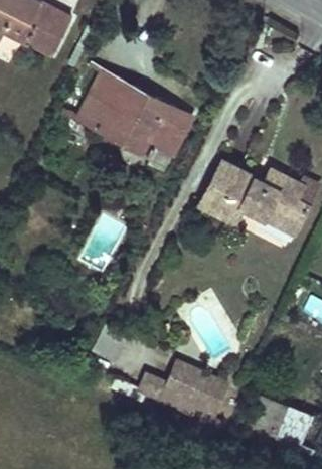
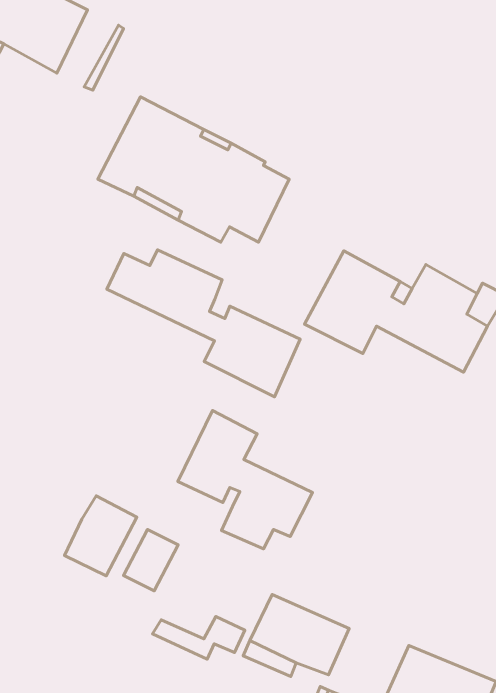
building: none -> [107,250,300,397]
building: none -> [178,411,312,549]
building: none -> [64,496,137,576]

